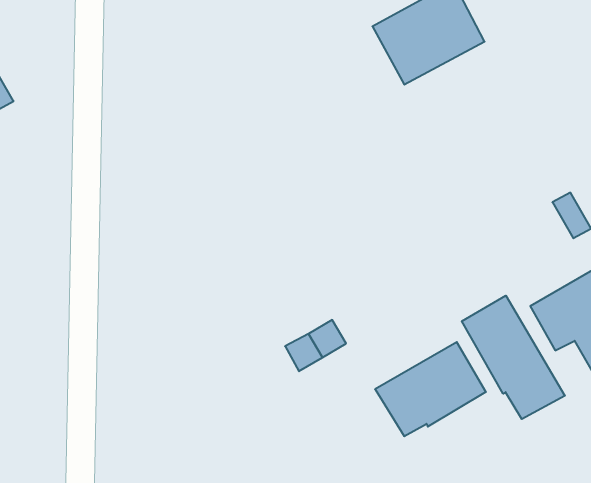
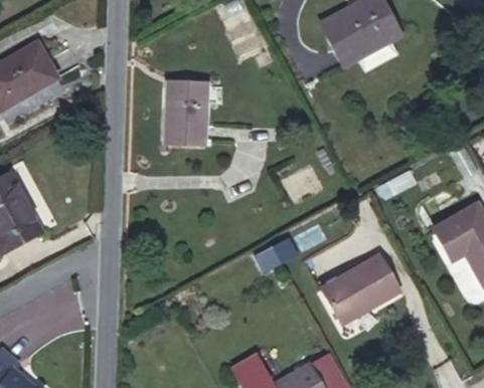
building: none -> [165,81,206,146]
building: [462,296,565,419] -> none

